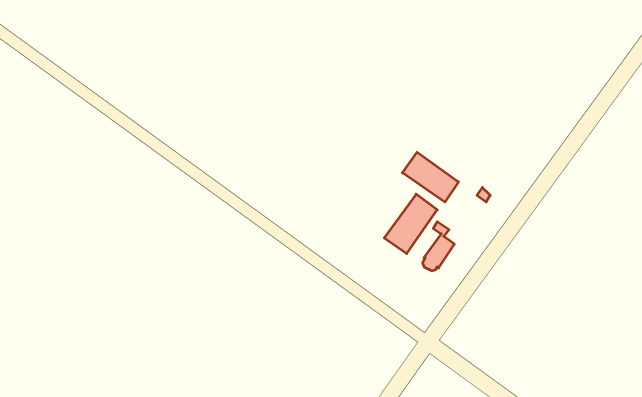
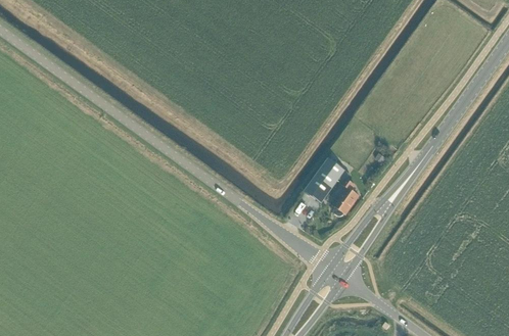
building: [402,152,458,202] -> none

